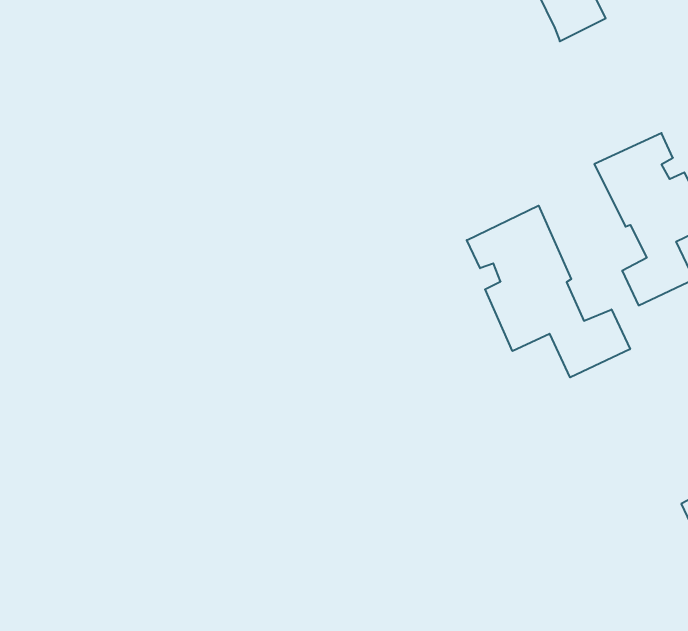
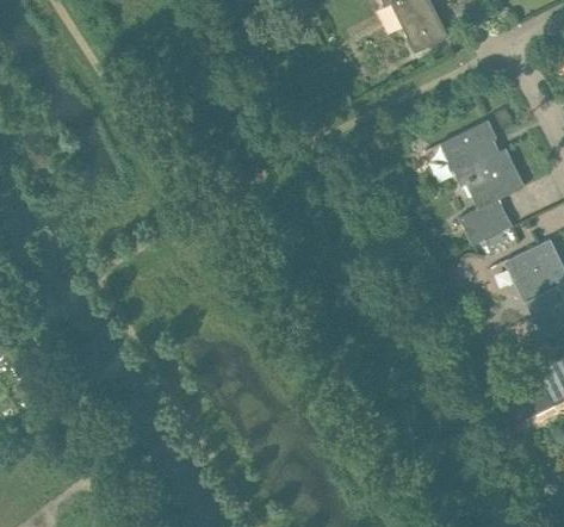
building: [467,206,630,377] -> none

